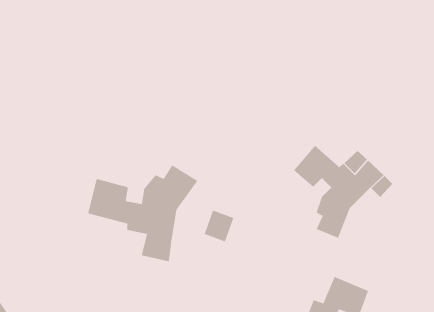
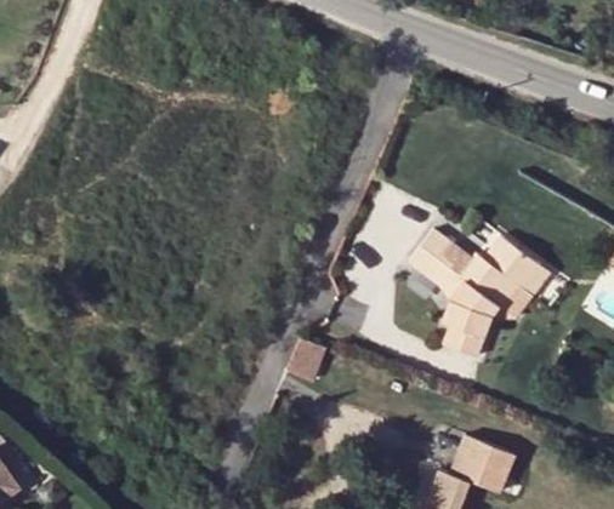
building: [87,165,198,262] -> none

